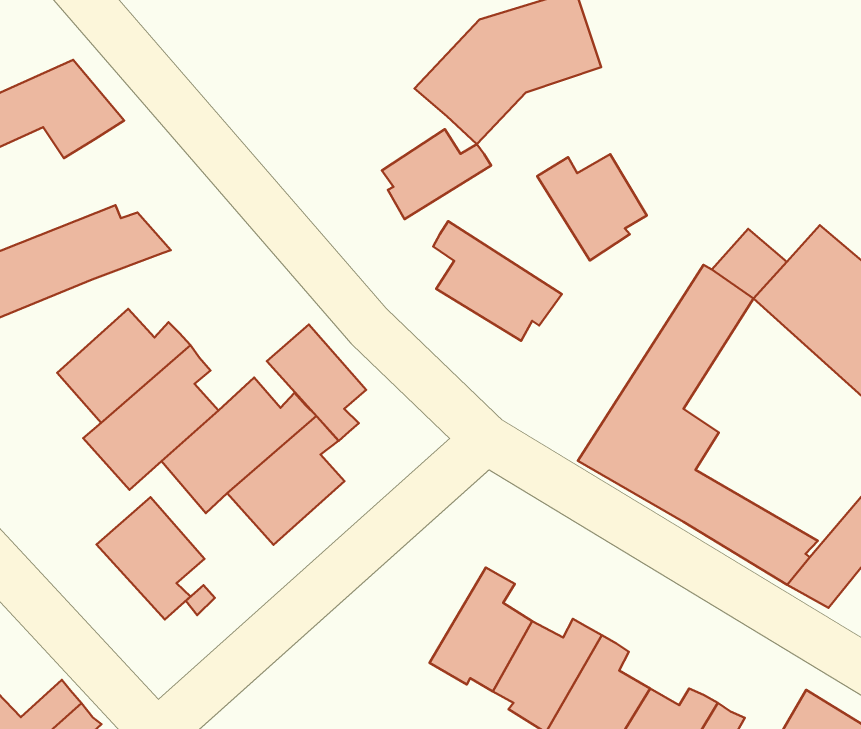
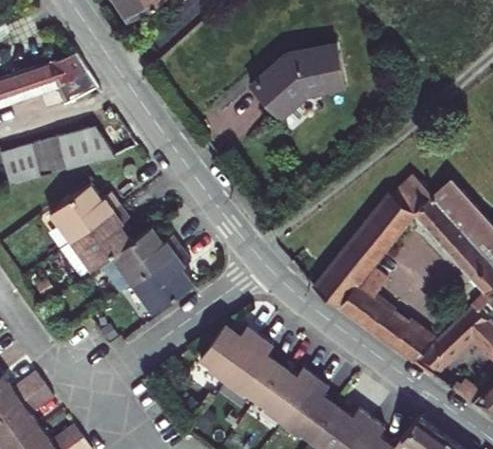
building: [382,129,491,219] -> none
building: [537,154,647,261] -> none
building: [433,221,562,341] -> none
building: [267,324,366,441] -> none
building: [97,497,205,619] -> none
building: none -> [200,325,260,383]

